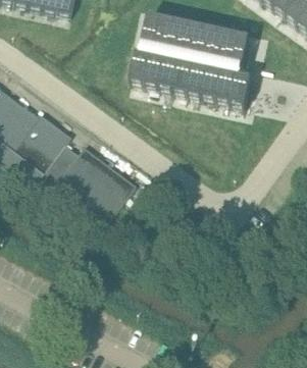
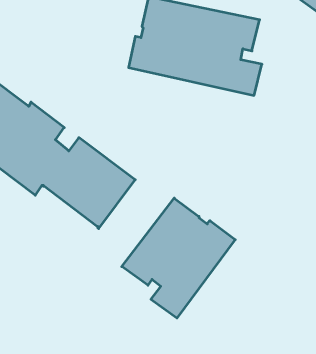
building: none -> [122,198,235,318]

